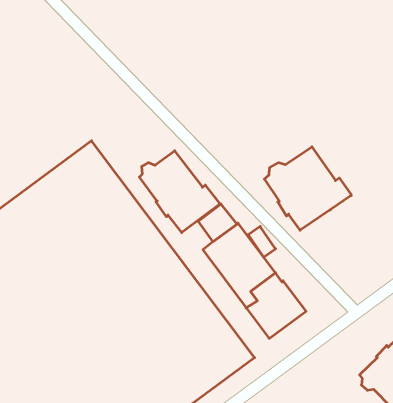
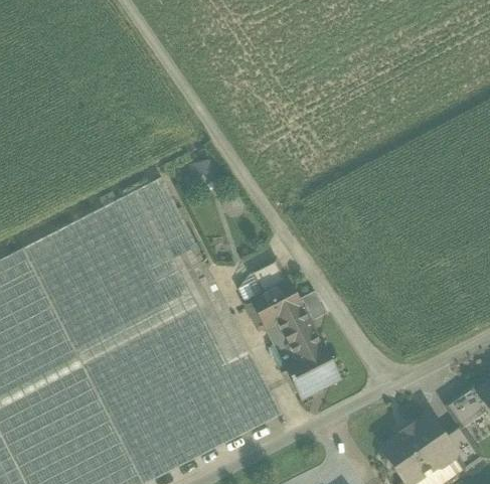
building: [264,147,351,230] -> none
building: [139,151,220,233] -> none

